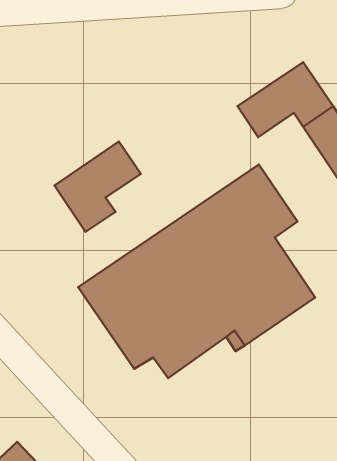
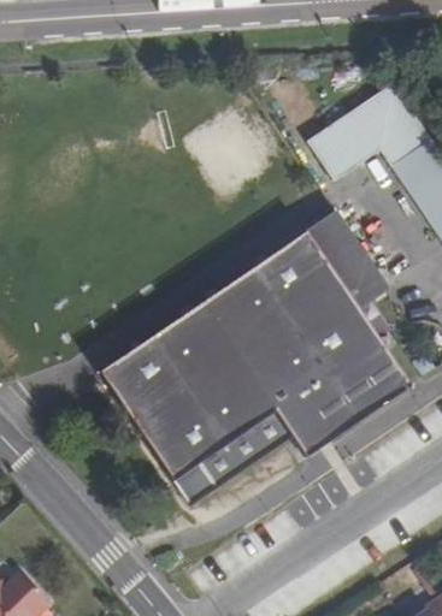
building: [55,142,141,232] -> none

